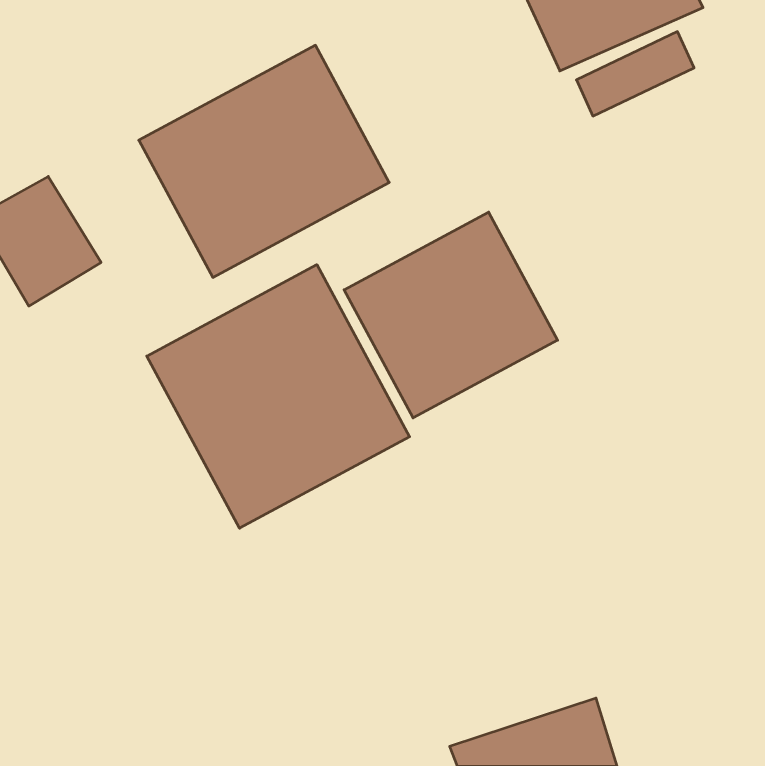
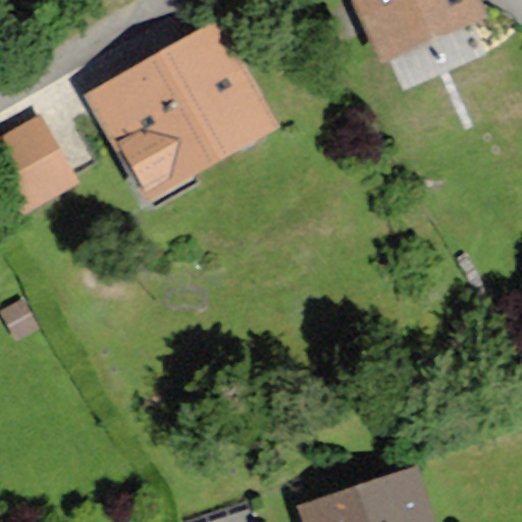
building: [344,212,558,418] -> none
building: [147,265,410,528] -> none

